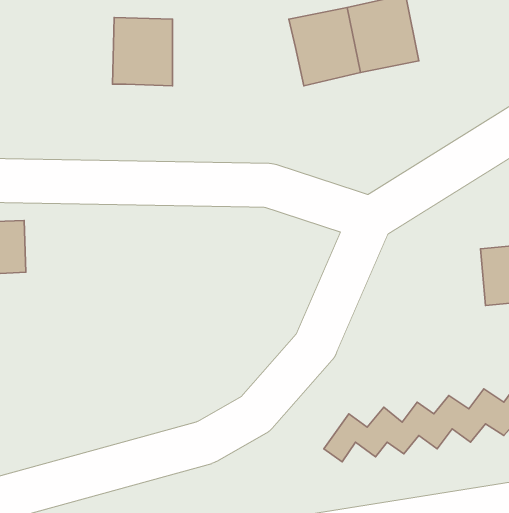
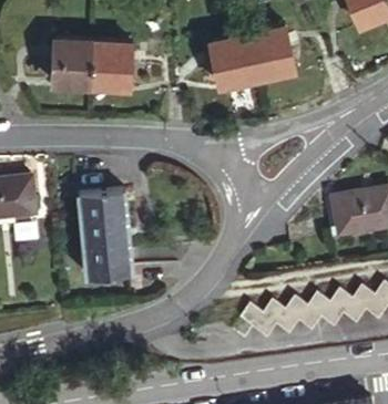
building: none -> [53,40,91,86]
building: none -> [76,191,133,277]

